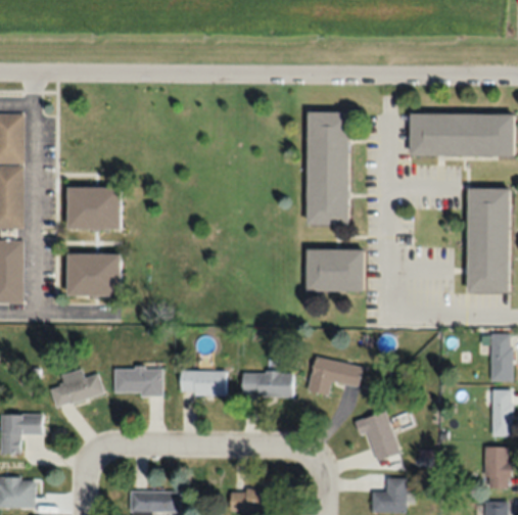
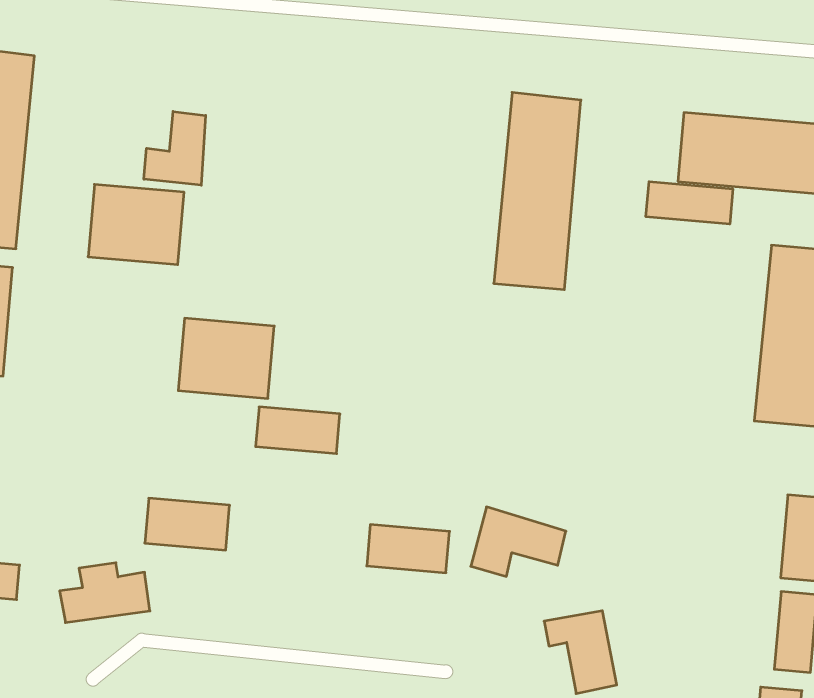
building: none -> [144,111,206,185]
building: none -> [646,182,733,224]
building: [307,248,364,289] -> none
building: [66,252,120,295] -> [178,318,274,398]
building: [50,369,104,407] -> [60,563,150,623]
building: [180,371,228,394] -> [256,407,340,454]

